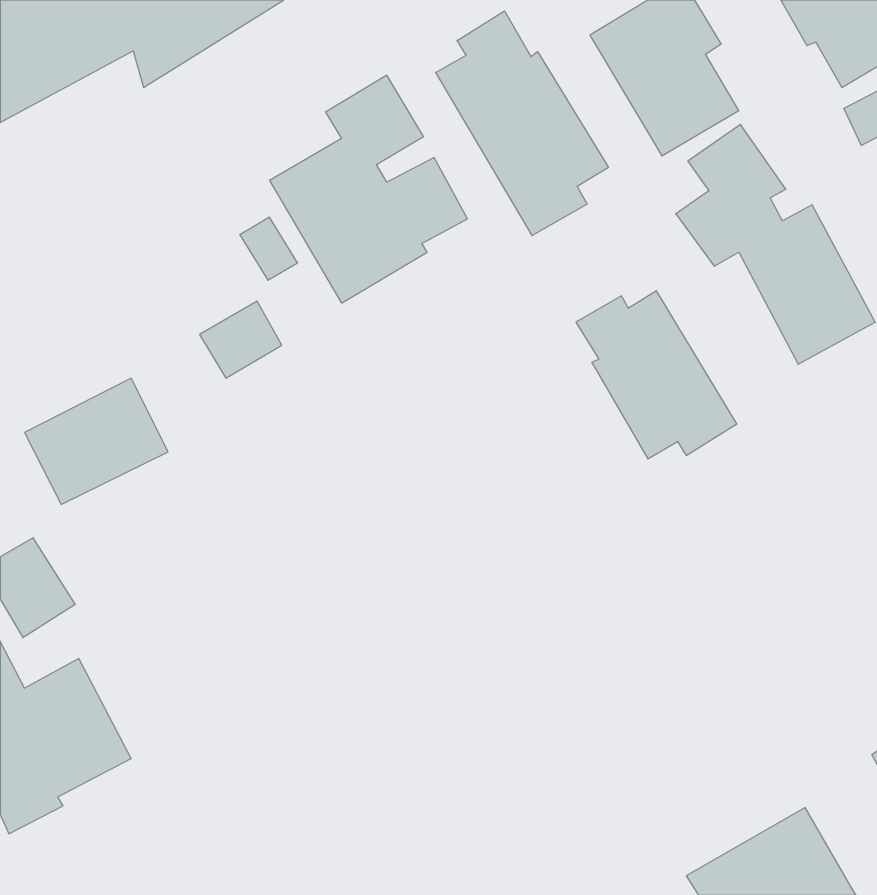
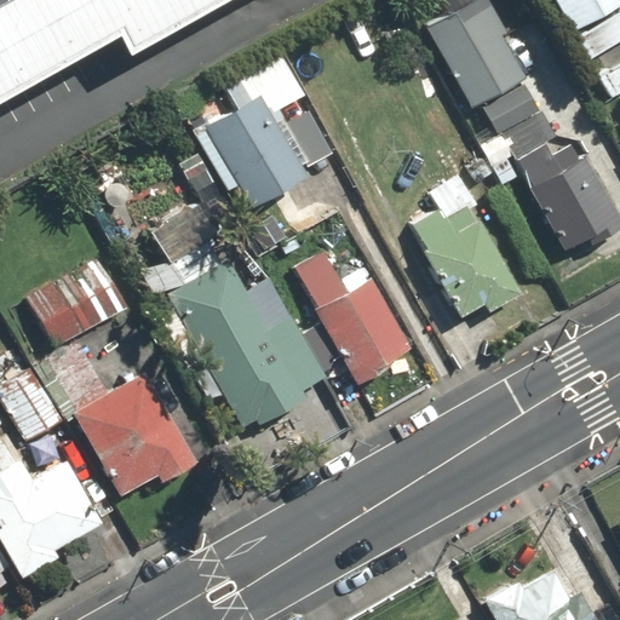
building: [436,11,608,236] -> none
building: none -> [160,243,340,429]
building: none -> [294,247,414,385]
building: none -> [70,369,201,498]

